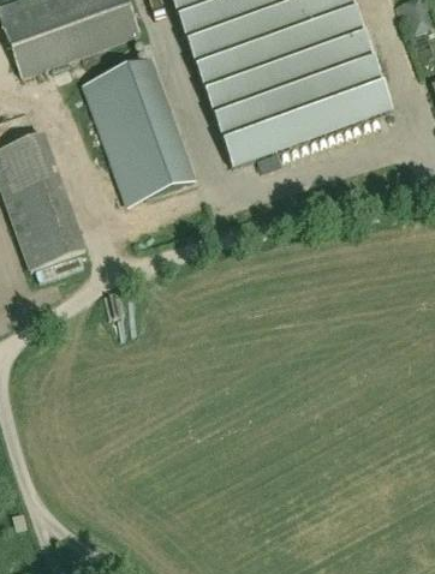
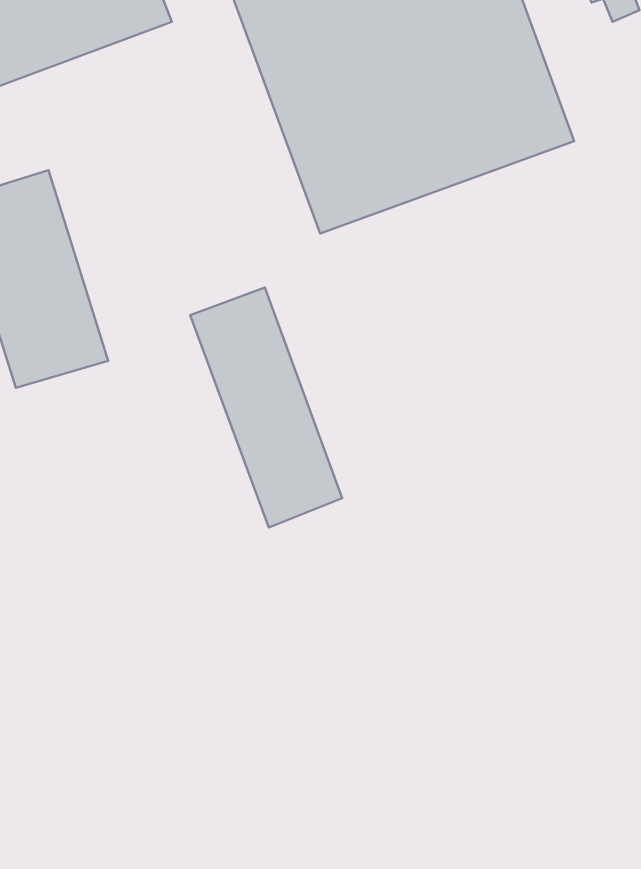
building: [83,60,192,204] -> none
building: none -> [190,287,342,528]

